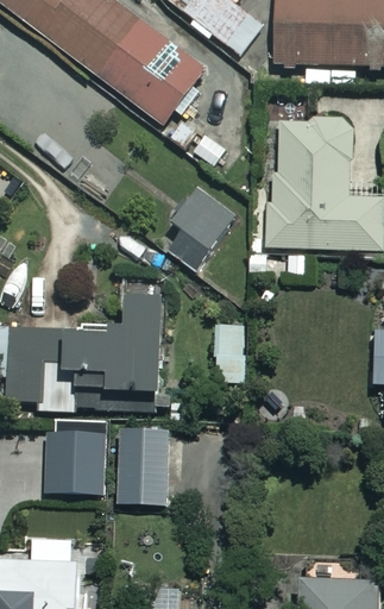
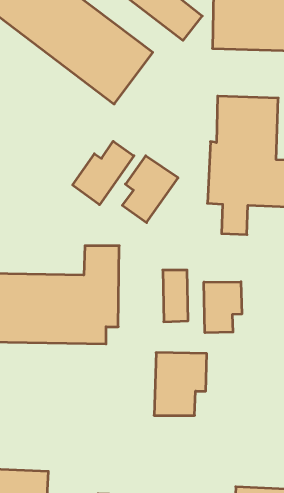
building: none -> [73,141,134,205]
building: none -> [204,282,242,333]
building: [43,425,106,494] -> none
building: [118,429,180,503] -> [154,353,207,415]

